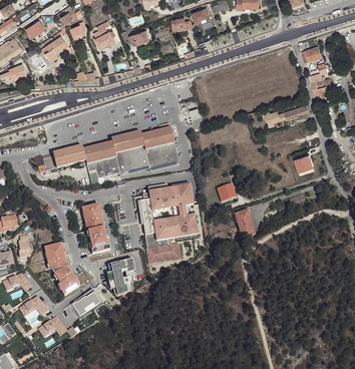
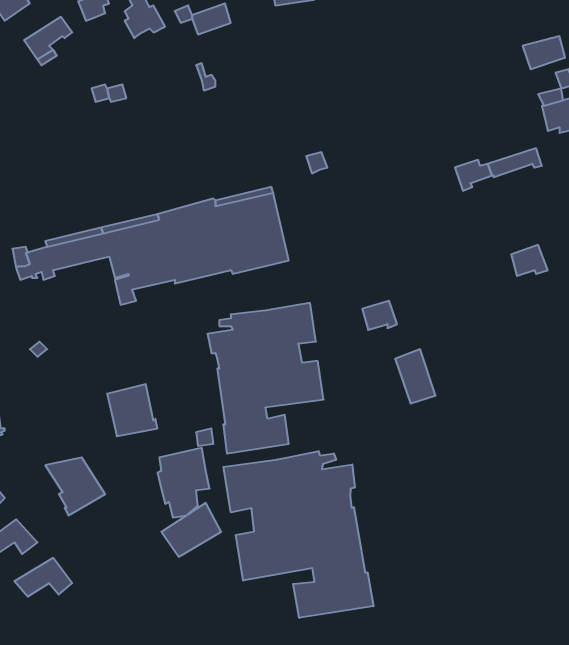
building: [79,204,104,232] -> none
building: [45,243,71,269] -> none
building: none -> [223,451,374,618]
building: [70,290,101,318] -> [161,503,221,557]

